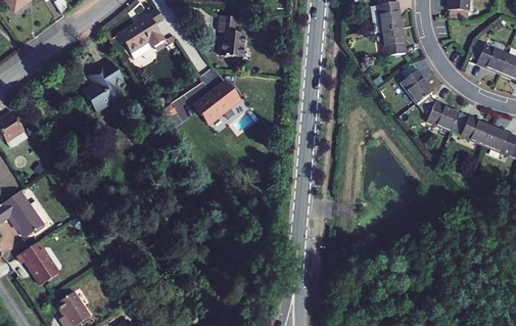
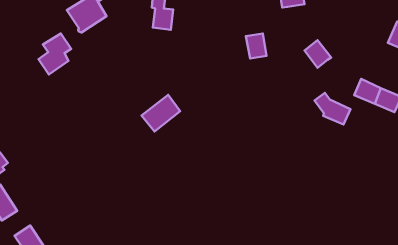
building: [381,28,406,57] -> [246,34,266,58]
building: [477,45,509,74] -> none
building: [194,81,240,125] -> [142,95,180,132]
building: [417,94,460,132] -> [314,93,350,124]

